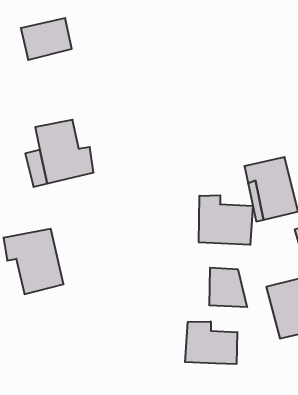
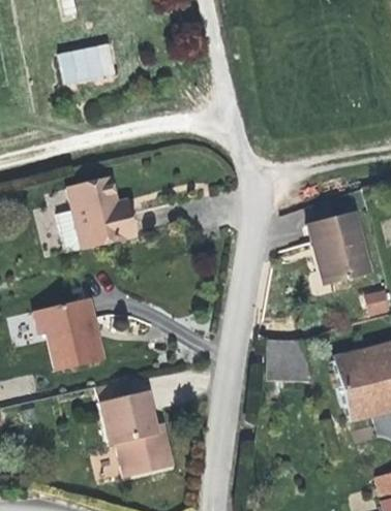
building: [199,195,253,245] -> none
building: none -> [97,372,172,474]
building: [185,321,237,364] -> none

